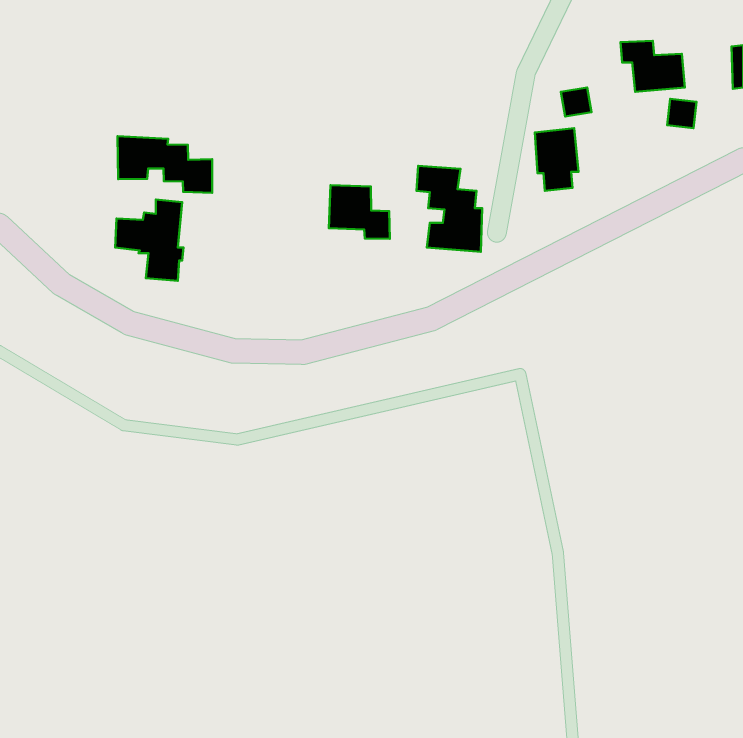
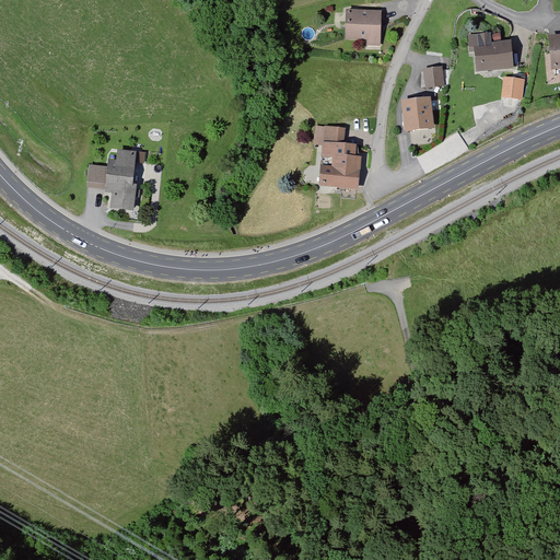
building: none -> [346,7,380,46]
building: [117,136,212,193] -> none
building: [329,185,390,239] -> none

